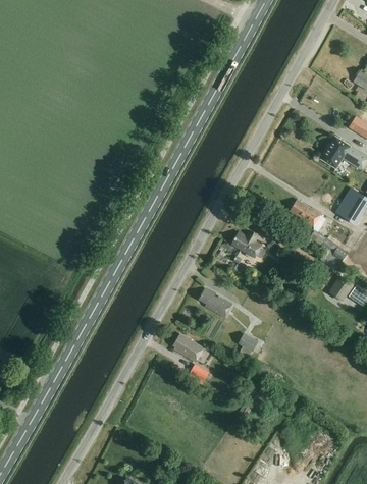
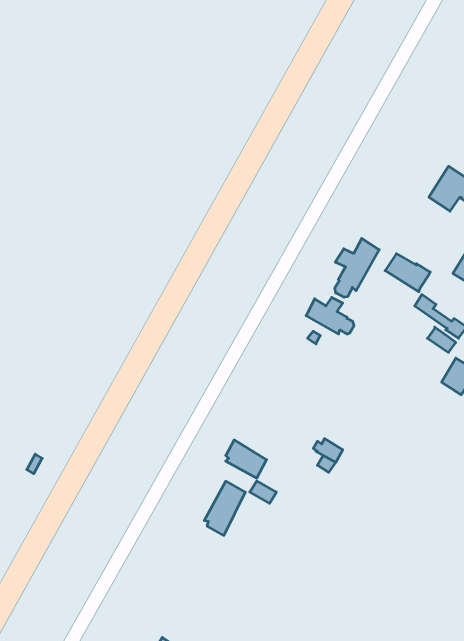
building: none -> [335,238,379,297]
building: [198,287,232,317] -> none
building: none -> [204,481,245,535]

